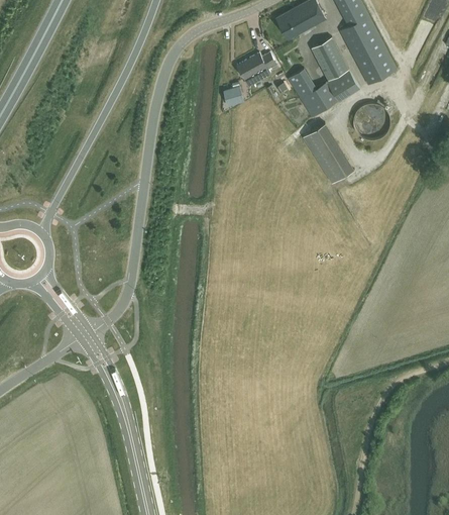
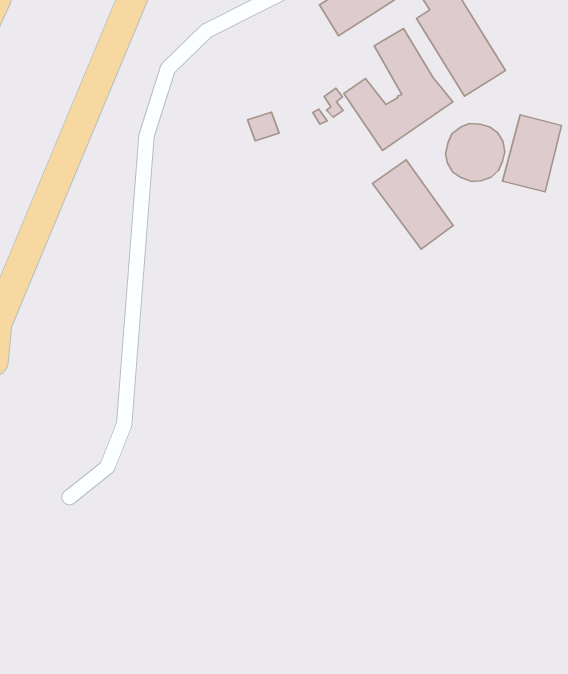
building: [237,53,276,79] -> none
building: none -> [502,115,562,192]

